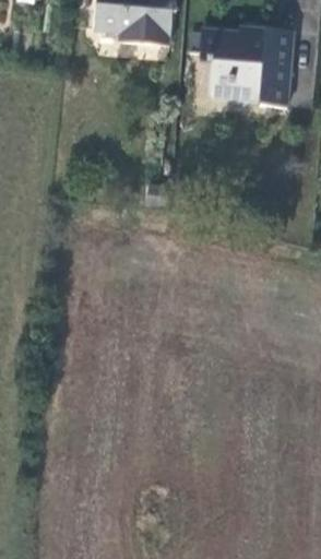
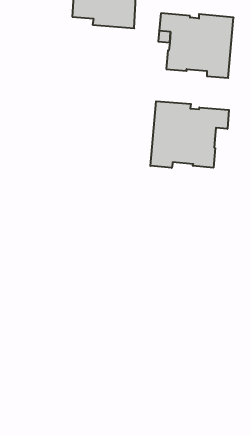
building: none -> [150,101,229,168]

